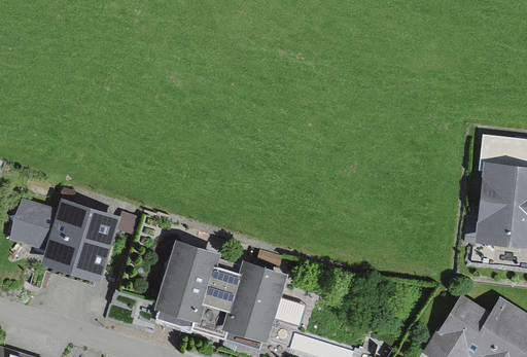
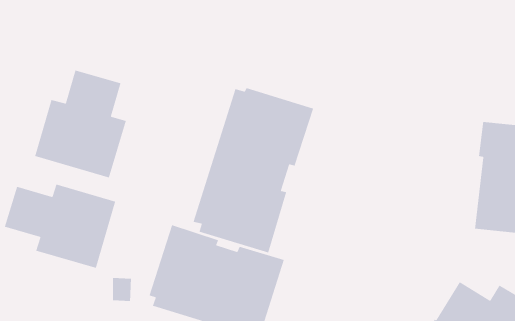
building: none -> [34,69,127,179]
building: none -> [193,87,314,253]

